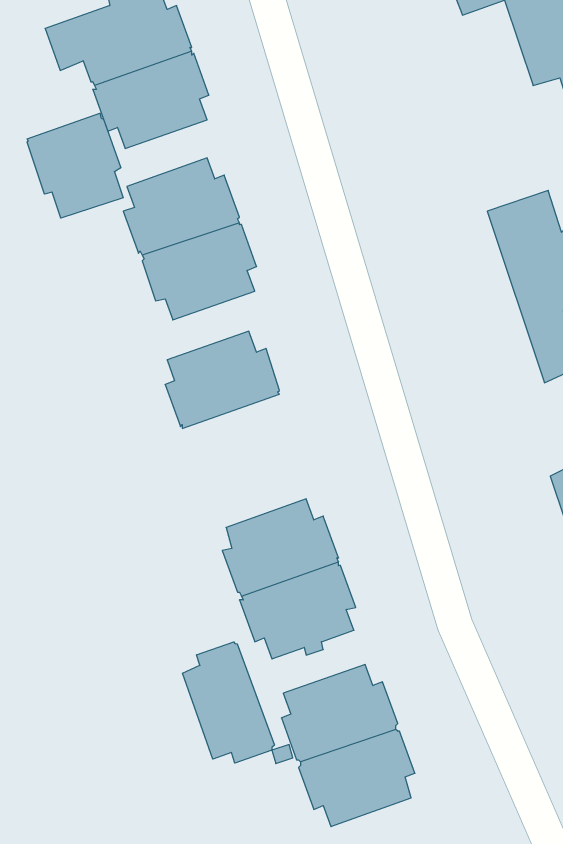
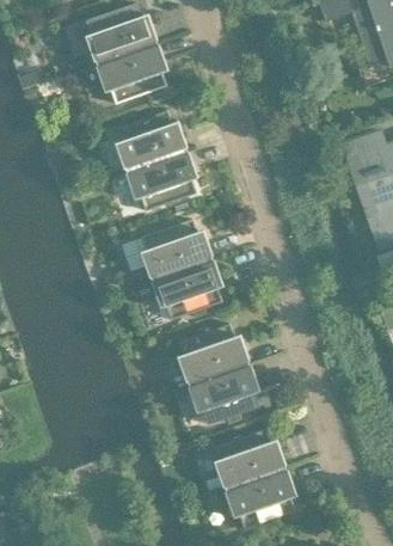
building: [27,113,123,218] -> none
building: none -> [149,259,221,320]
building: [182,642,274,763] -> none

